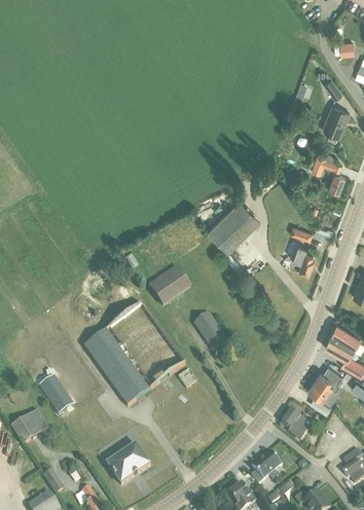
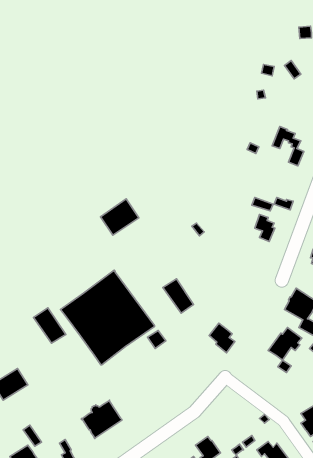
building: [323,105,350,136] -> none
building: [209,199,259,250] -> none
building: [149,265,190,304] -> [100,199,139,235]
building: [39,375,74,413] -> [33,308,66,343]
building: [282,408,310,440] -> [209,323,235,353]
building: [251,449,282,483] -> none

